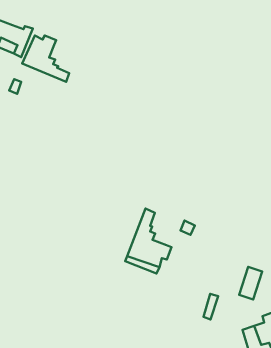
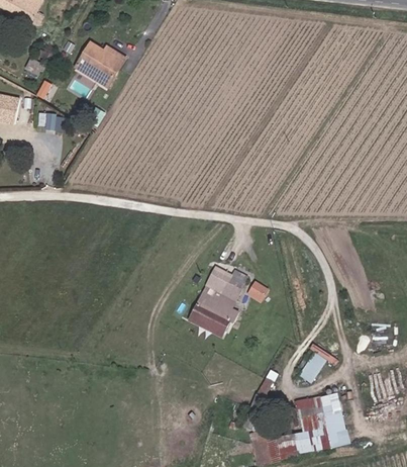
building: [22,35,69,82] -> none
building: none -> [217,271,248,308]

